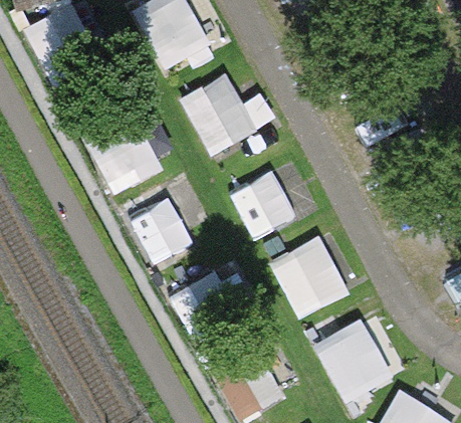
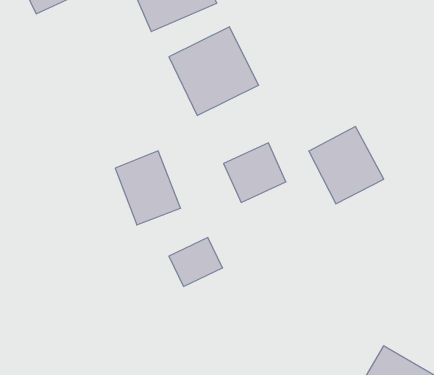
building: [269,239,347,319] -> [309,127,384,204]
building: [316,322,389,398] -> none

